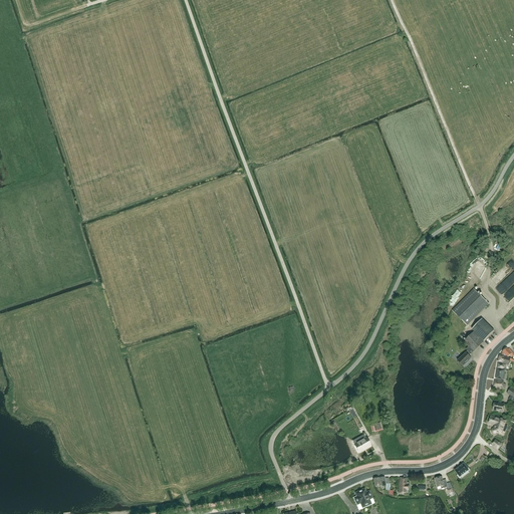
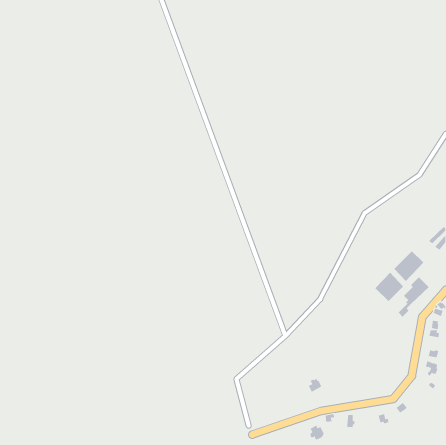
building: none -> [375,272,404,302]

